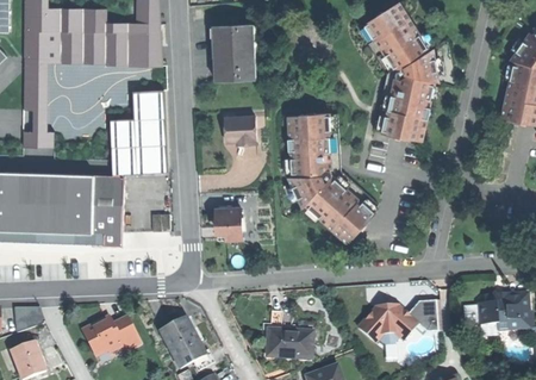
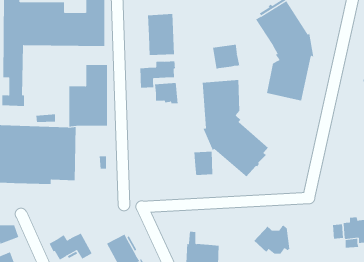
building: none -> [213,44,240,69]
building: none -> [140,61,176,88]
building: [216,206,242,238] -> [194,151,213,175]
building: [403,298,442,336] -> none

